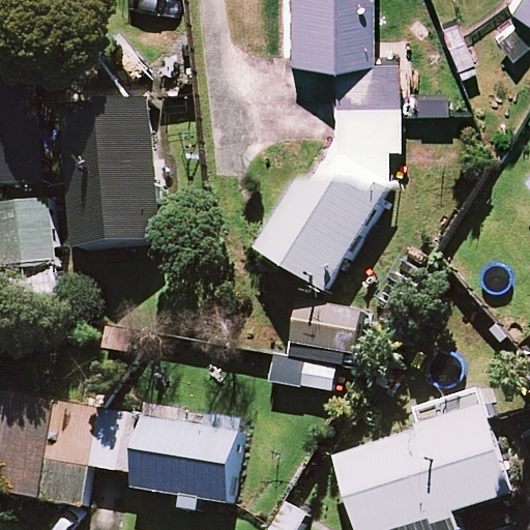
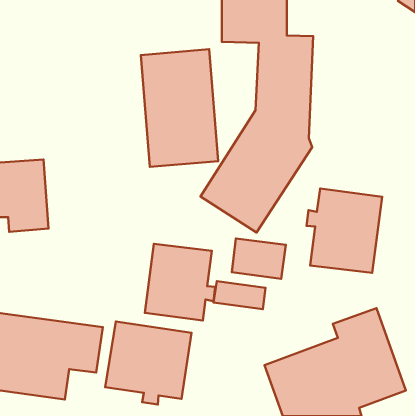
building: [62,99,159,247] -> [141,49,218,167]
building: none -> [307,189,382,273]
building: none -> [145,244,215,321]

